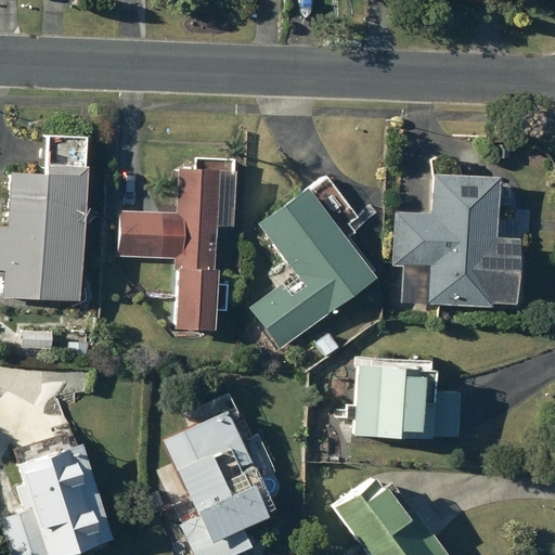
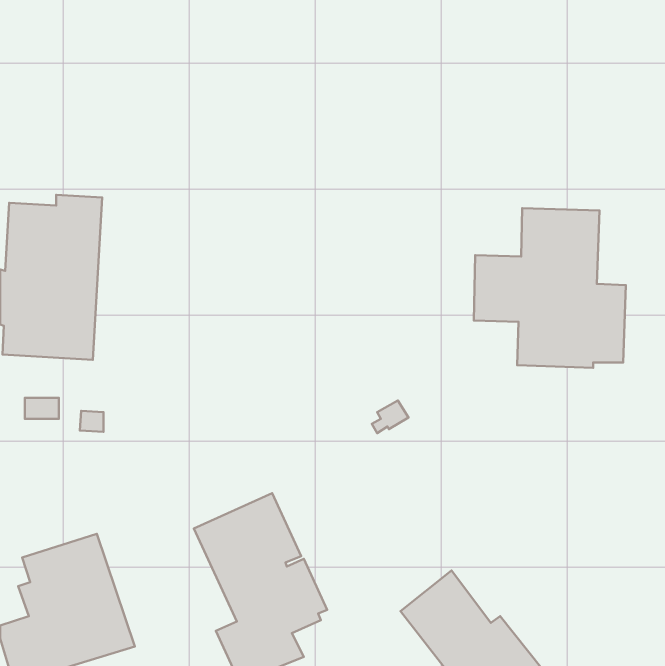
building: [119,168,219,330] -> none
building: [249,188,377,351] -> none
building: [348,365,462,440] -> none

